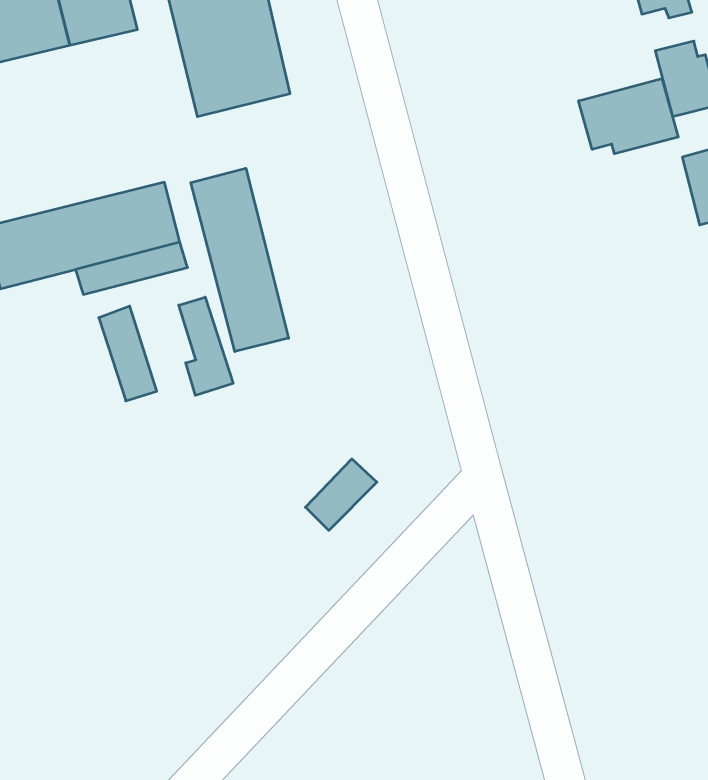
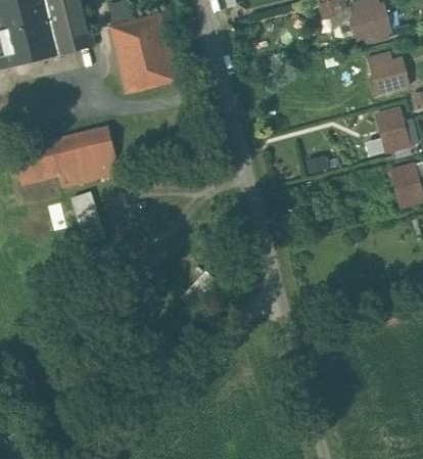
building: [579,79,678,154] -> none
building: [191,168,289,352] -> none
building: [179,297,233,395] -> none

